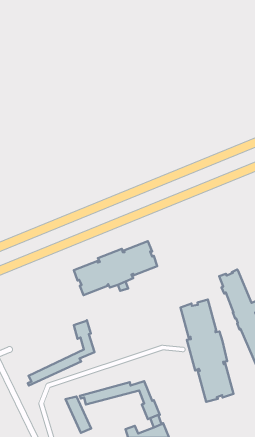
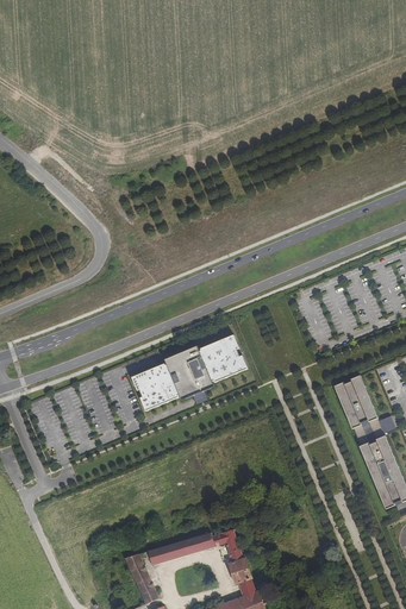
building: [181,299,234,402] -> none
building: [28,320,94,385] -> none

